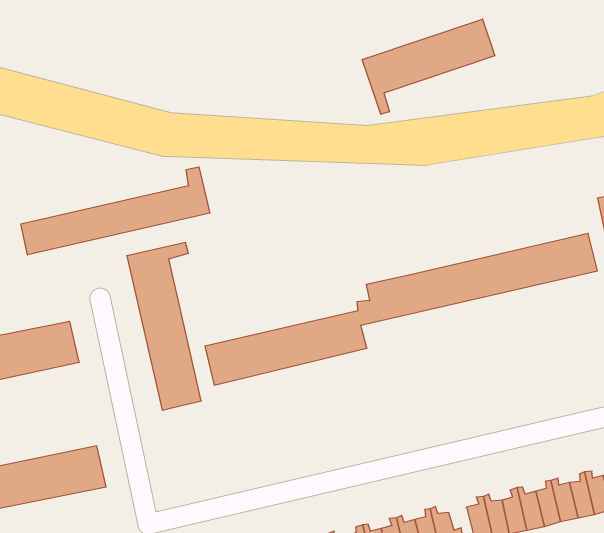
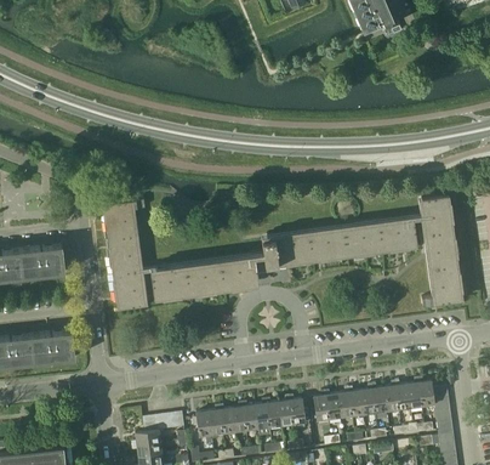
building: [362,19,495,114] -> none
building: [21,167,210,255] -> none

